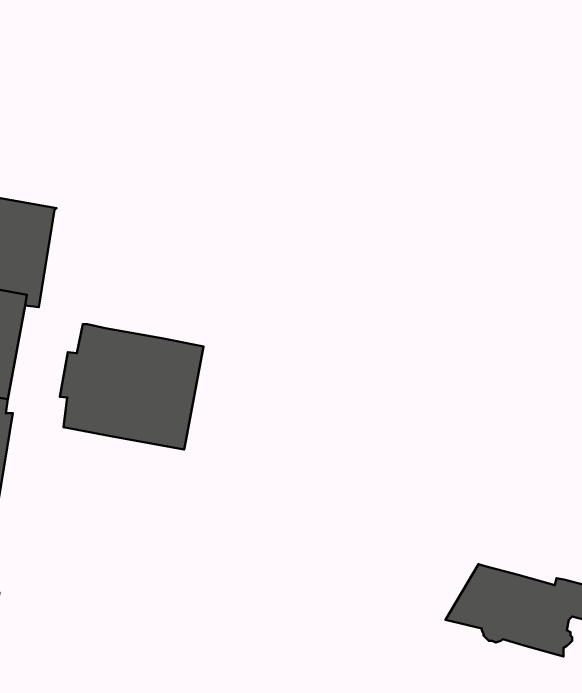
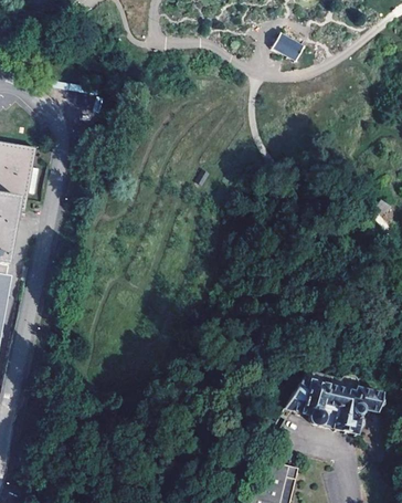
building: none -> [273,29,306,59]
building: [60,324,203,450] -> none

